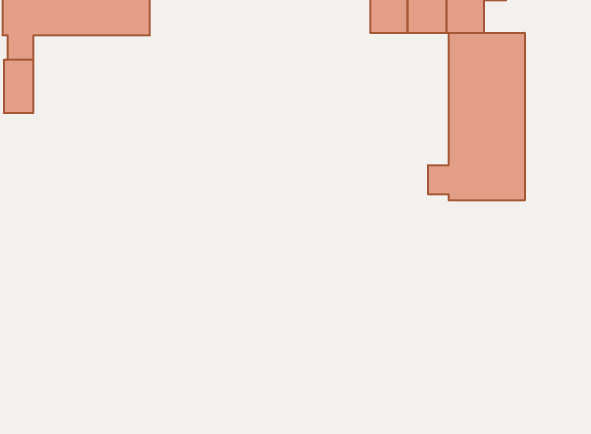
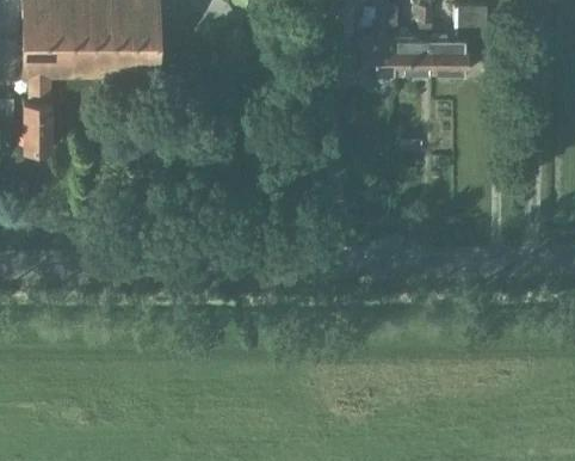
building: [428,33,525,200] -> none

